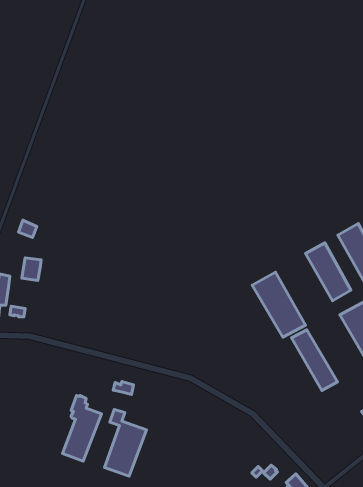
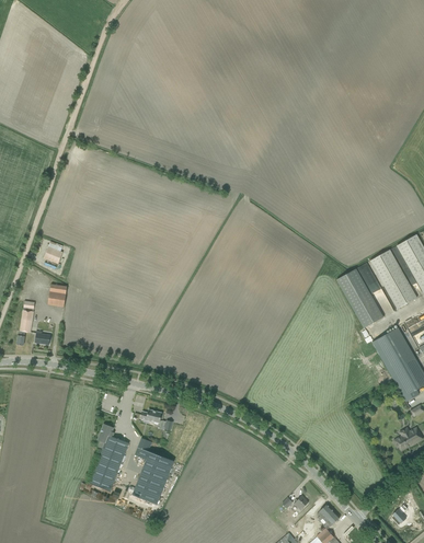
building: [252,272,305,337] -> none
building: [291,330,338,391] -> none

